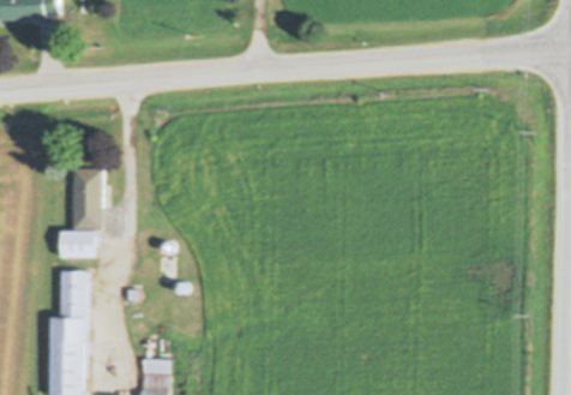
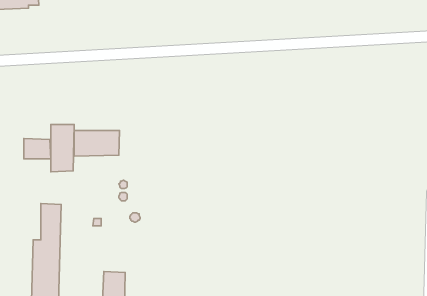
building: none -> [74,131,120,156]
building: [61,229,96,256] -> [24,138,51,159]

